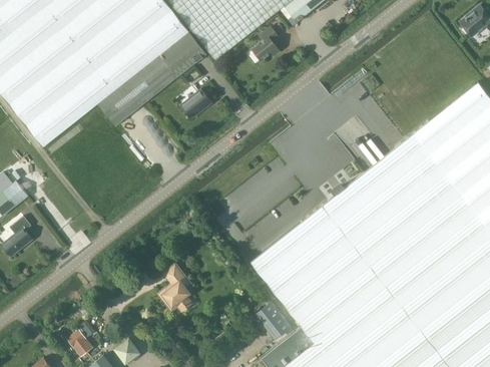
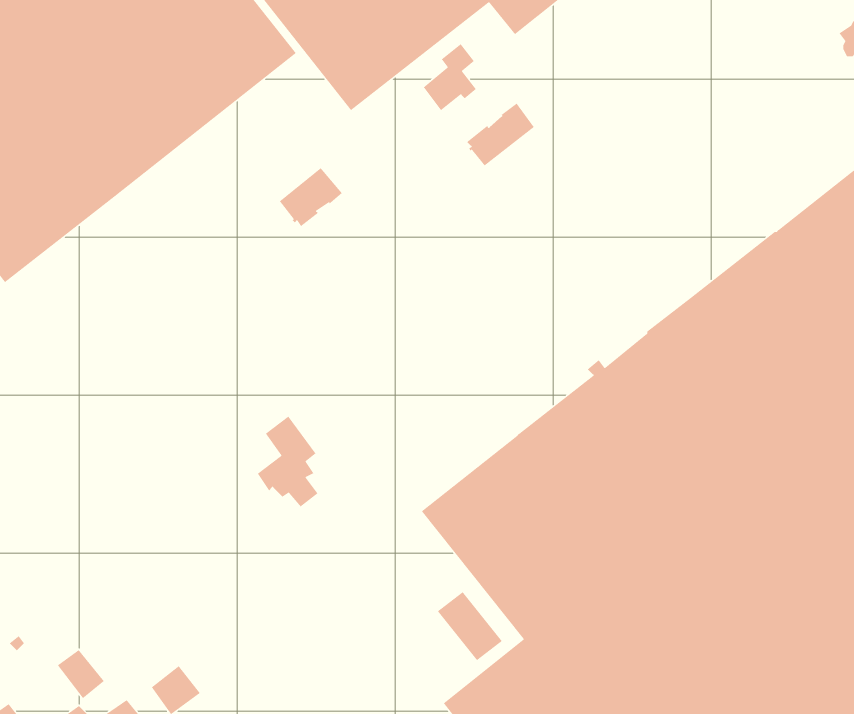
building: [97,31,206,125] -> none
building: none -> [466,102,535,166]
building: [159,264,190,310] -> [257,415,319,507]

